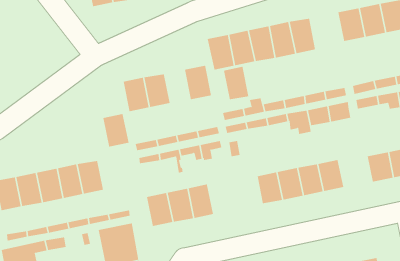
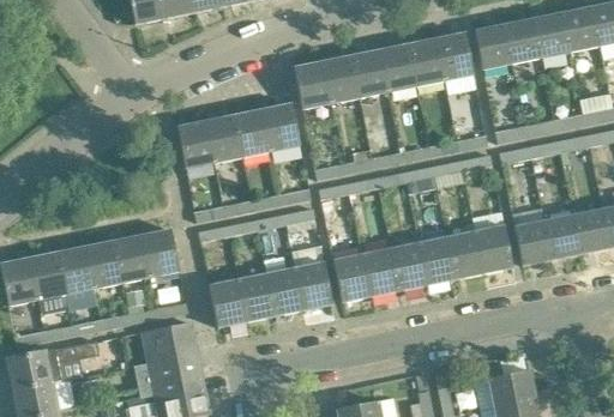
building: none -> [435,32,474,81]
building: [223,66,249,100] -> [234,109,270,156]
building: [103,113,129,147] -> [142,229,179,276]
building: none -> [475,228,512,272]
building: none -> [333,256,369,301]
building: none -> [294,261,331,309]

